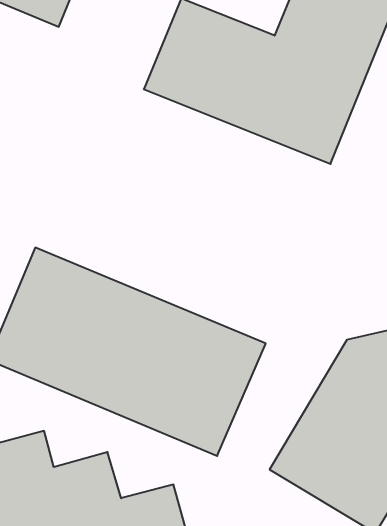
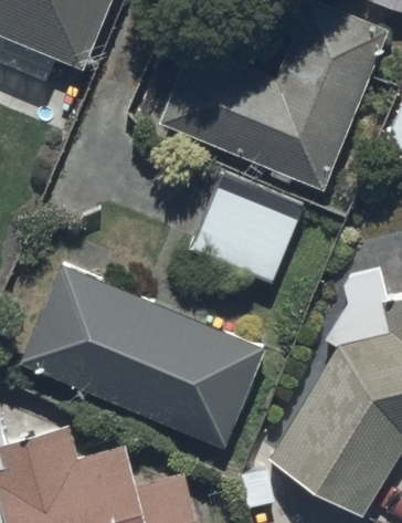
building: none -> [192,176,304,283]

